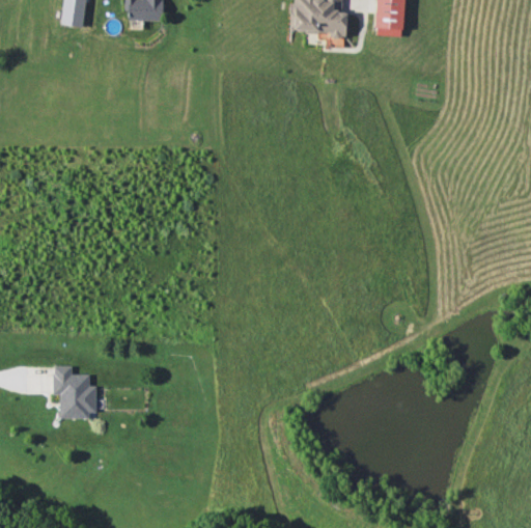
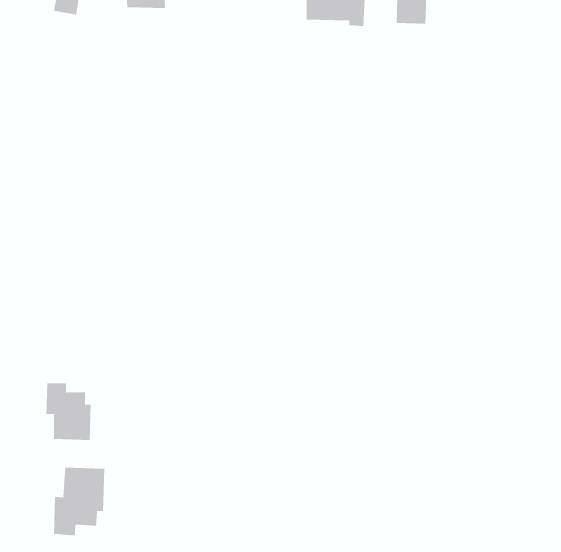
building: none -> [53,467,105,536]

